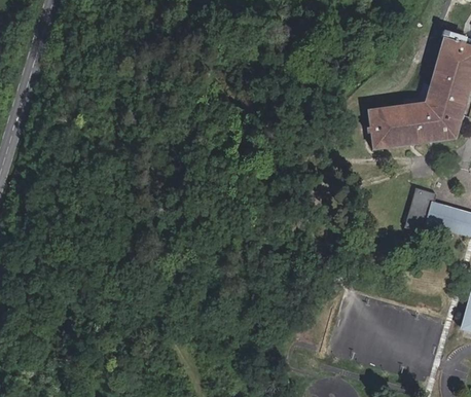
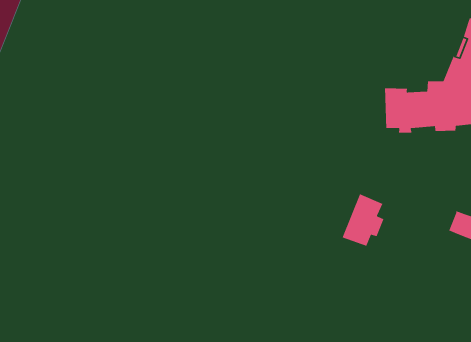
building: [407,191,443,238] -> [342,193,385,247]

